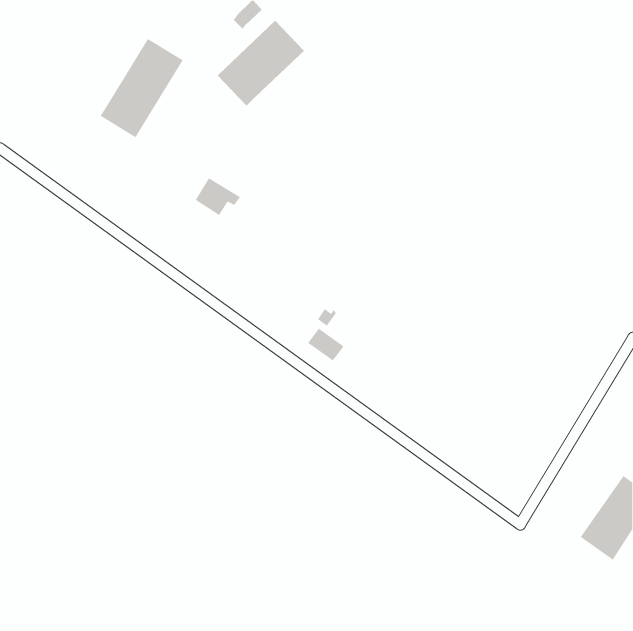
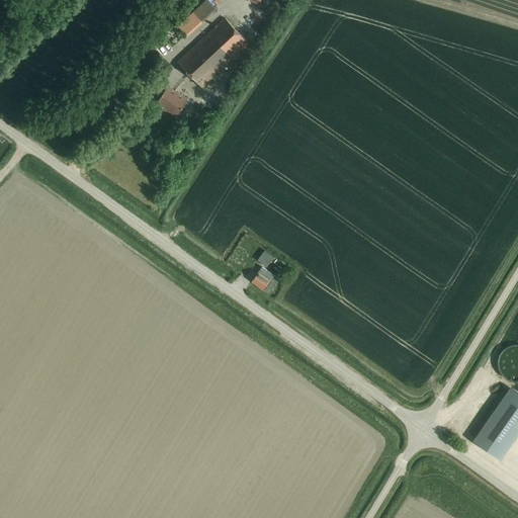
building: [100,38,183,138] -> none
building: [195,177,241,216] -> [156,87,193,118]

